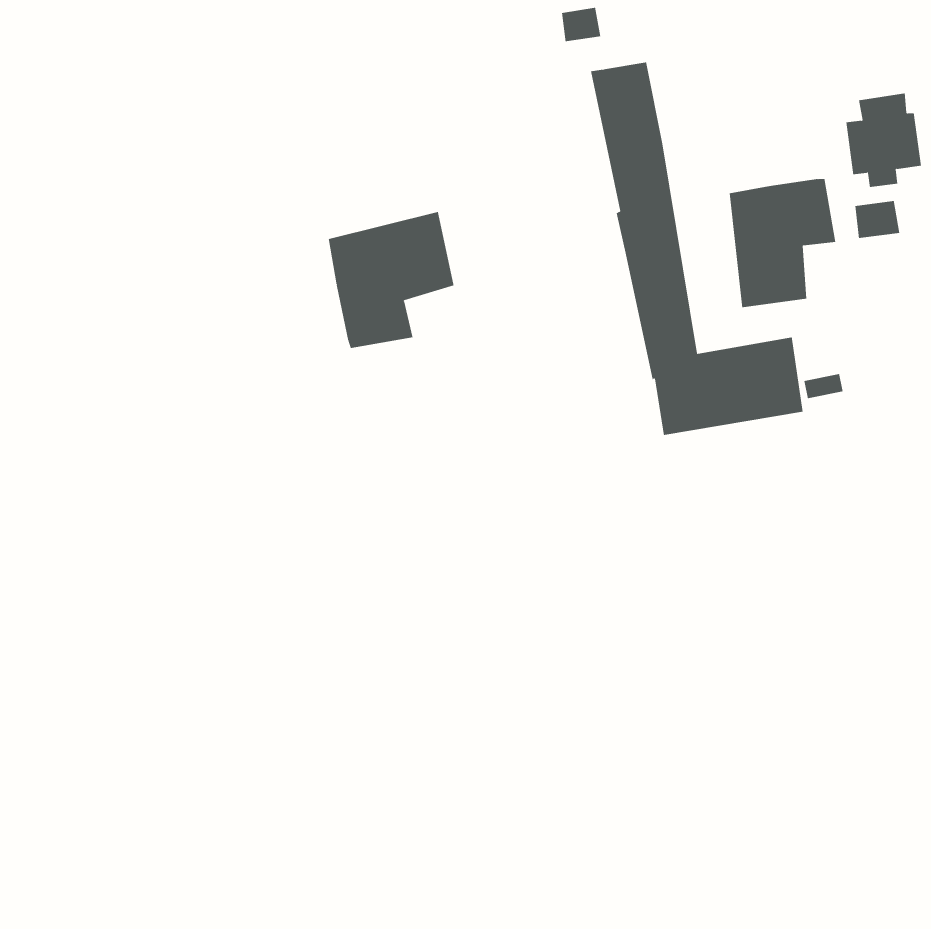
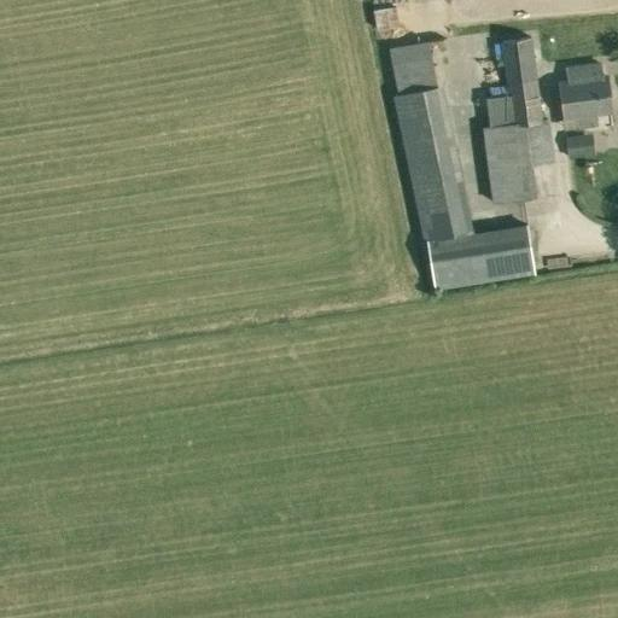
building: none -> [500,39,542,124]
building: [328,211,454,349] -> none

